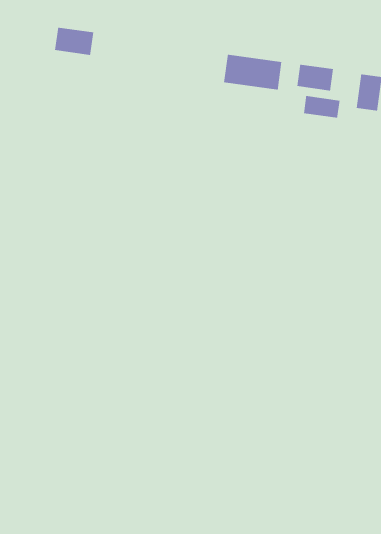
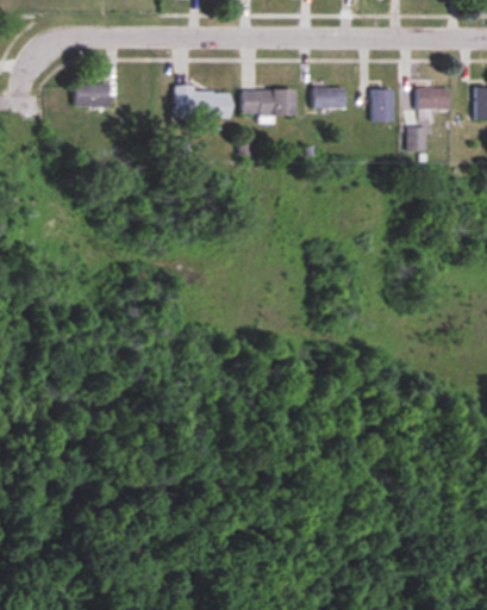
building: none -> [175,85,232,117]
building: [303,95,340,119] -> none

